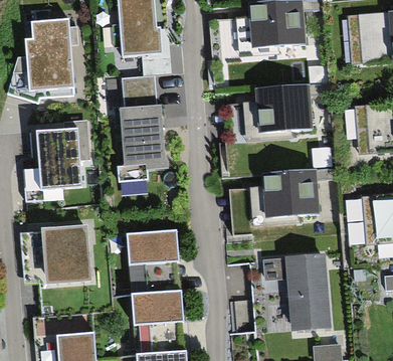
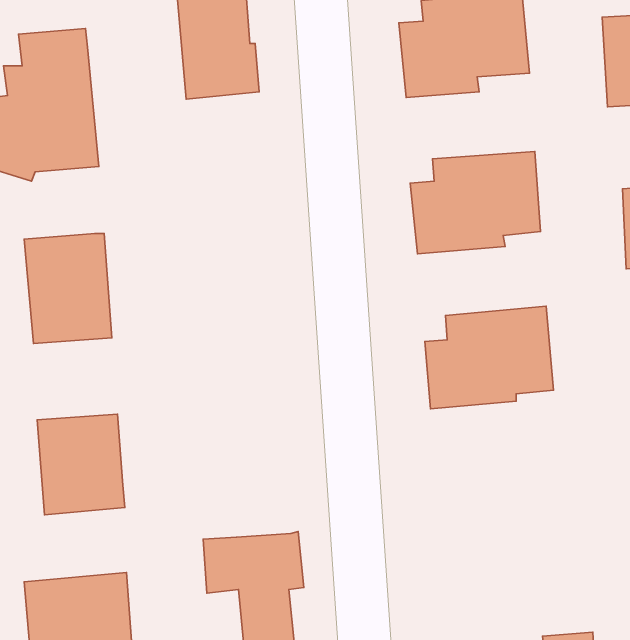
building: [116,75,167,182] -> none
building: [125,232,178,294] -> none
building: [261,254,331,333] -> none

